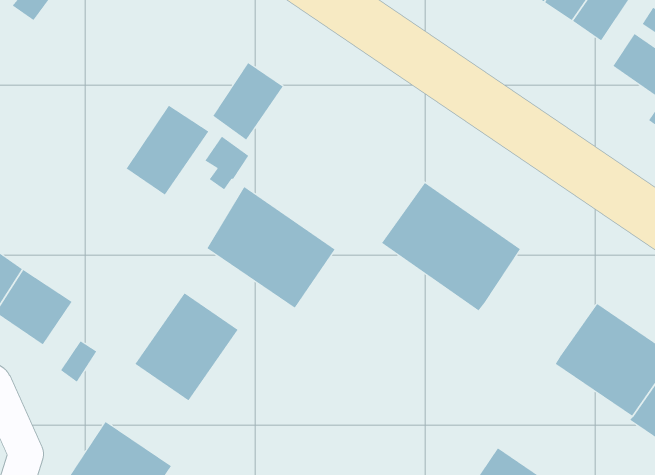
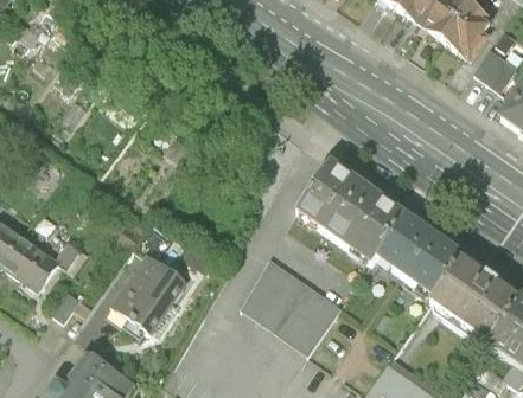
building: [213,62,284,140] -> none
building: [126,105,209,196] -> none
building: [207,186,335,309] -> [242,261,340,354]
building: none -> [377,216,463,297]

